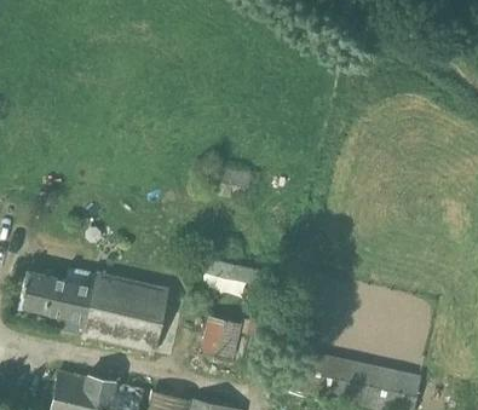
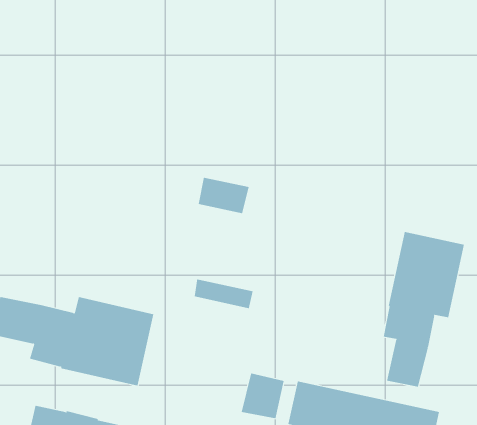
building: none -> [383,231,464,387]
building: [202,314,241,356] -> [241,373,284,419]

